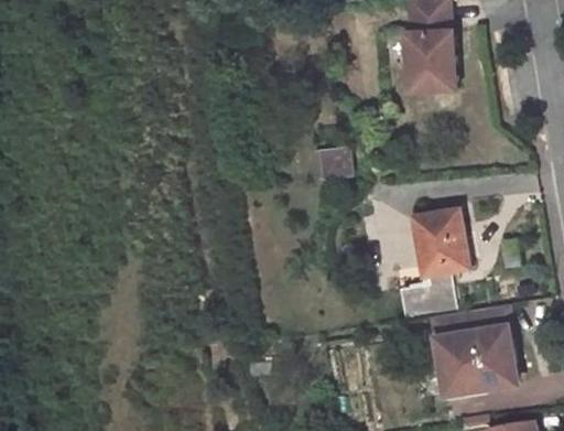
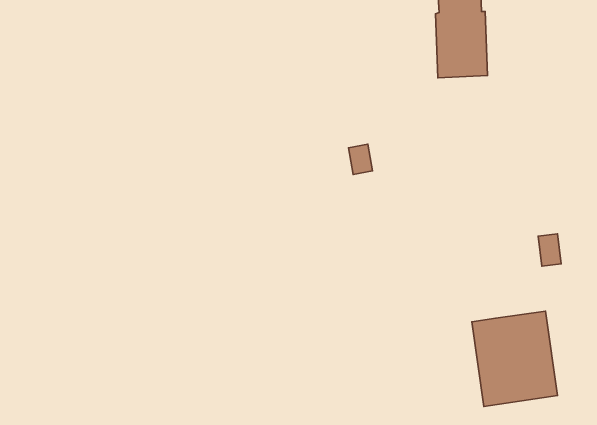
building: [398,211,469,317] -> none

